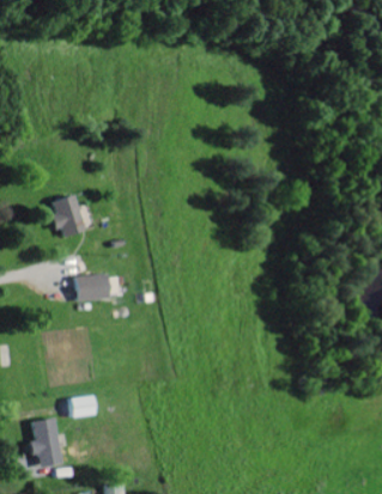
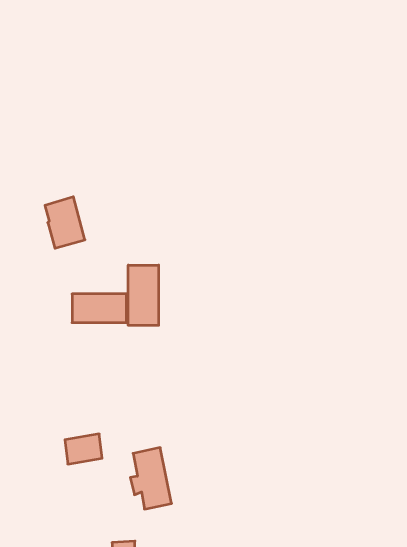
building: none -> [128,265,159,325]
building: [28,416,62,468] -> [130,448,172,509]

